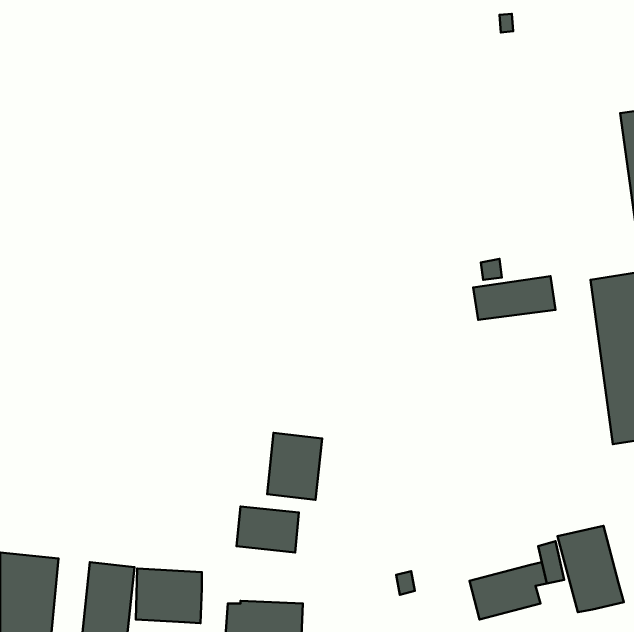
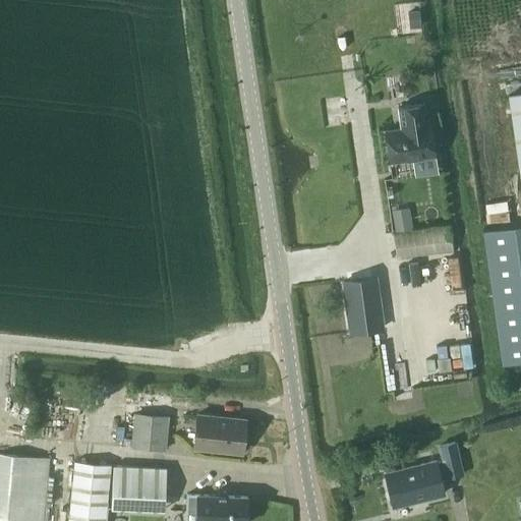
building: none -> [386,106,437,164]
building: none -> [345,280,384,335]
building: [267,433,322,500] -> none
building: none -> [133,416,169,453]
building: [557,526,624,612] -> none

